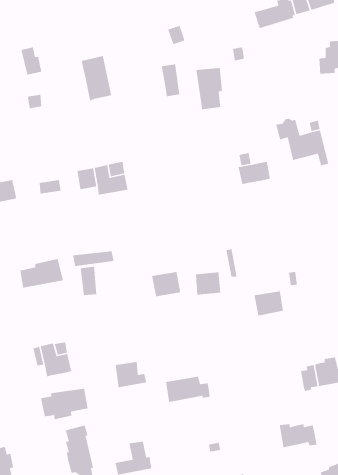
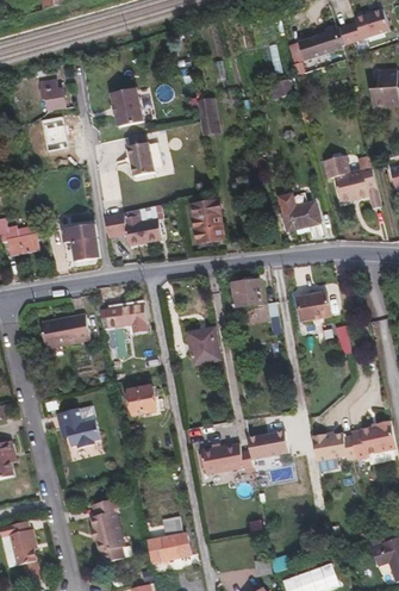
building: [196,67,223,110] -> none
building: none -> [125,135,160,179]
building: none -> [191,203,224,244]
building: none -> [73,225,100,261]
building: [195,272,221,295] -> [231,280,260,306]
building: [254,291,284,317] -> [297,296,330,324]
building: [115,361,147,388] -> [127,385,163,415]
building: none -> [247,429,288,458]
building: [40,388,89,420] -> none
building: [279,423,318,448] -> [311,433,354,460]

